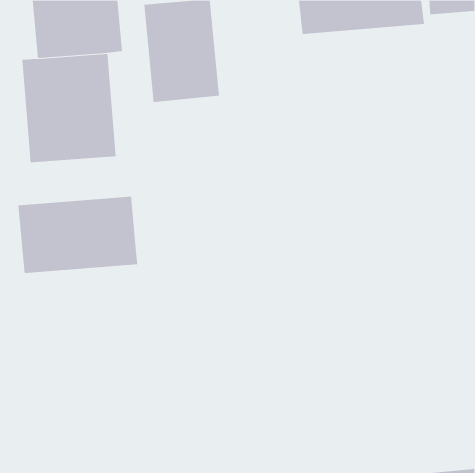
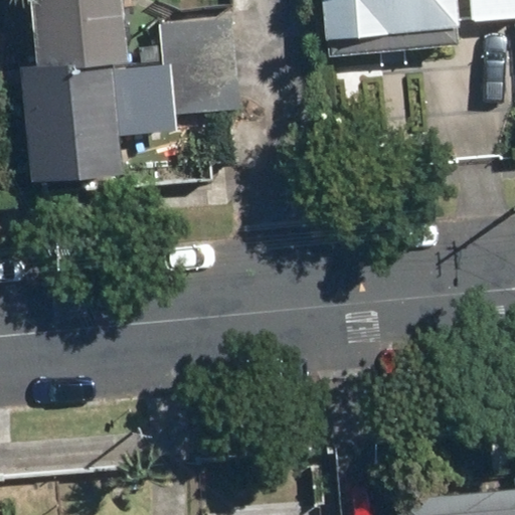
building: [18,196,138,274] -> none

